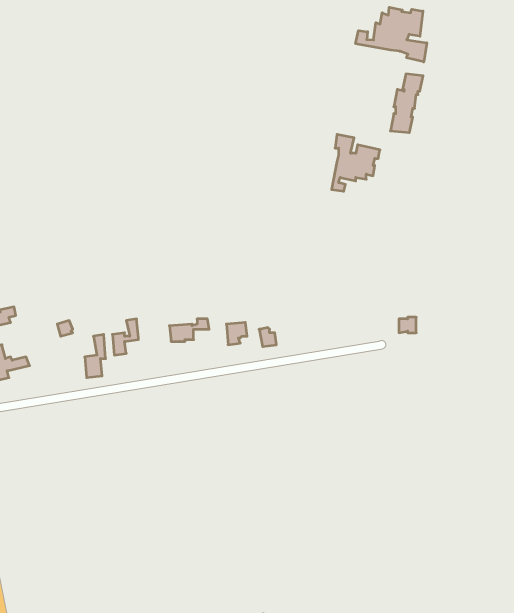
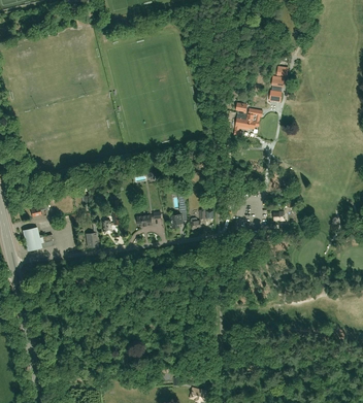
building: [356,7,427,62] -> none

